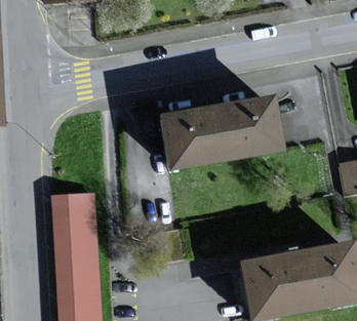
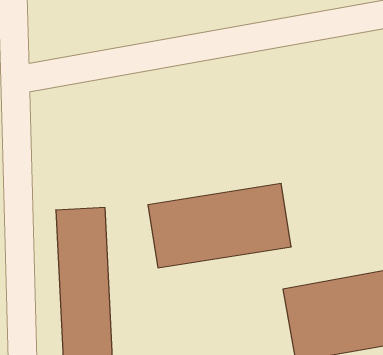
building: [160,98,279,168] -> [148,184,291,268]

